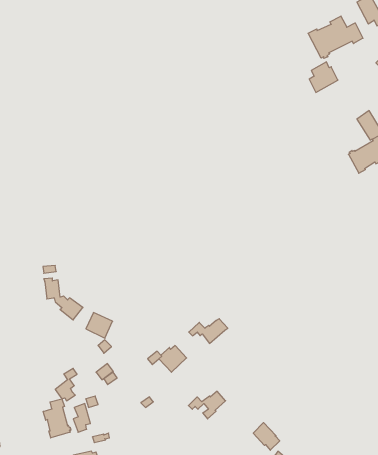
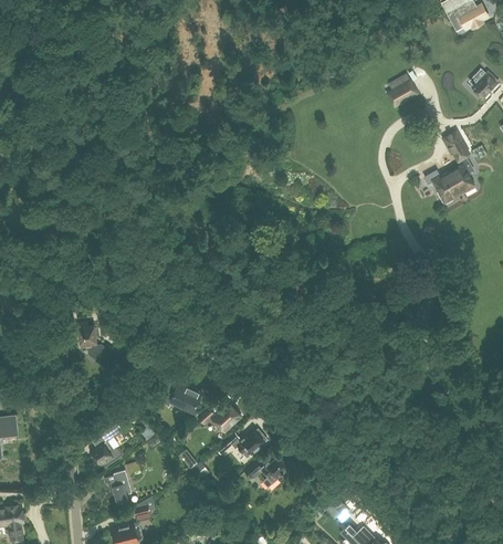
building: [308,16,363,58] -> none
building: [86,313,113,338] -> [170,383,201,412]
building: [189,319,228,343] -> [222,429,268,458]
building: [43,399,71,438] -> none

